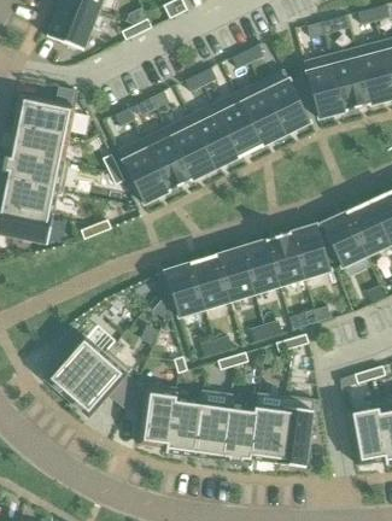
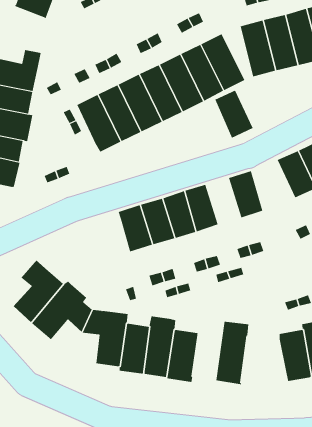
building: [322,212,367,268] -> [214,90,254,139]
building: [265,233,305,286] -> none
building: [250,393,286,463] -> none

